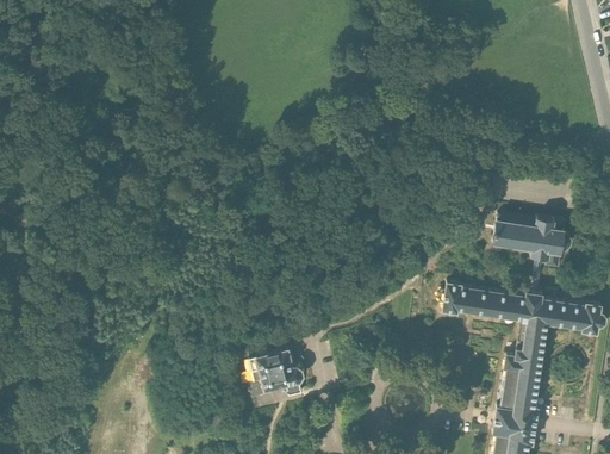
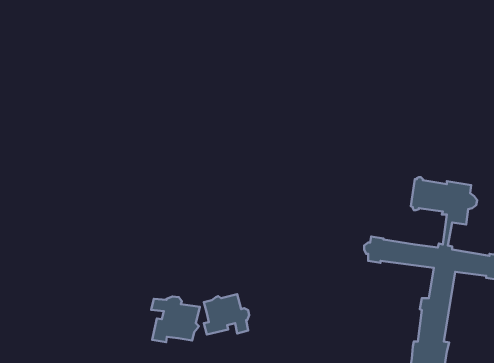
building: none -> [151,297,200,342]

